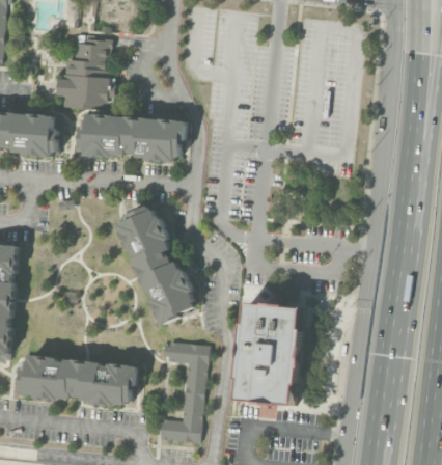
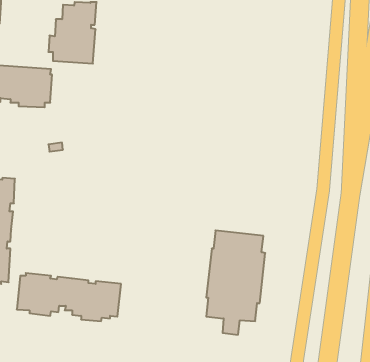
building: [79,116,186,165] -> none
building: [115,207,193,328] -> none
building: [159,340,210,443] -> none

